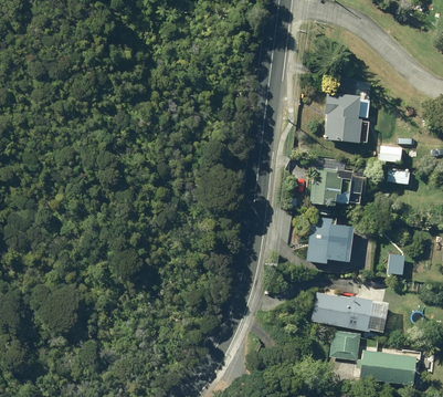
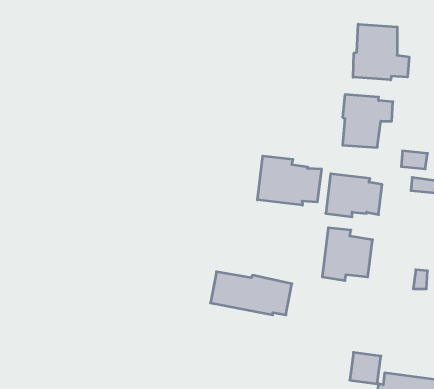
building: none -> [353,24,409,80]
building: none -> [257,156,321,205]
building: [312,292,387,332] -> [210,272,292,315]

